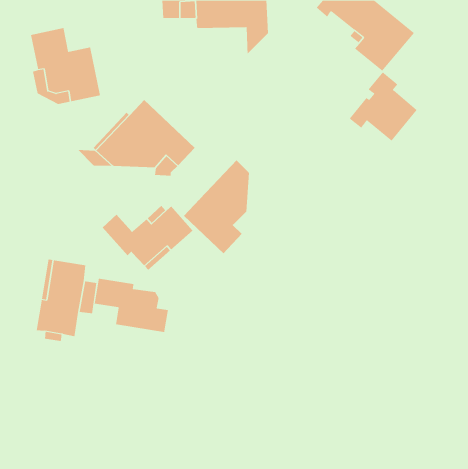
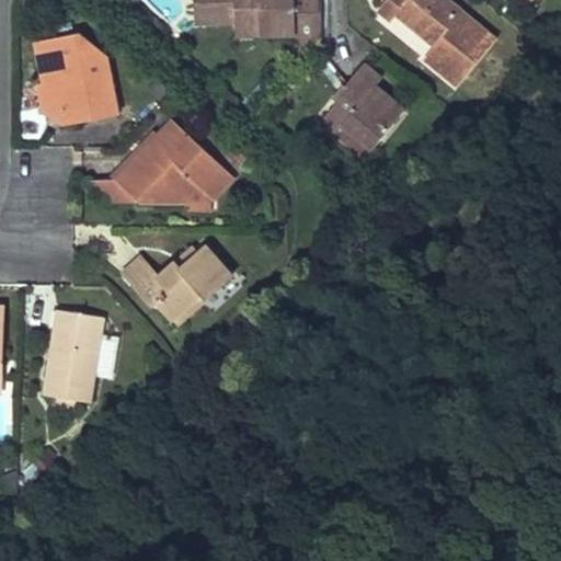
building: [349,72,418,141] -> [321,65,403,148]
building: [183,159,249,254] -> none
building: [94,278,168,333] -> none

